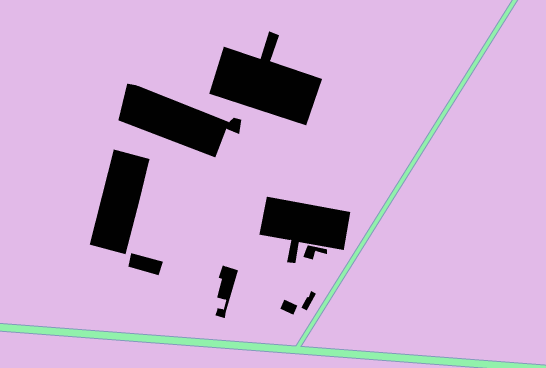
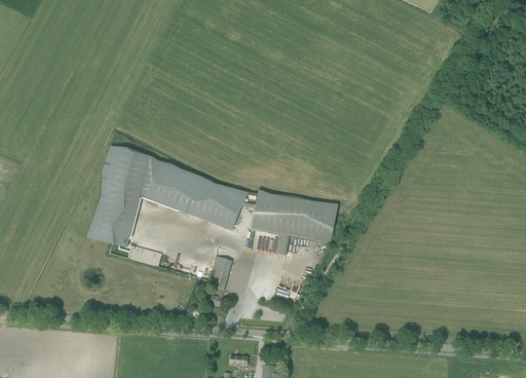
building: [209,30,323,126] -> none
building: [118,83,242,158] -> [141,159,257,229]

